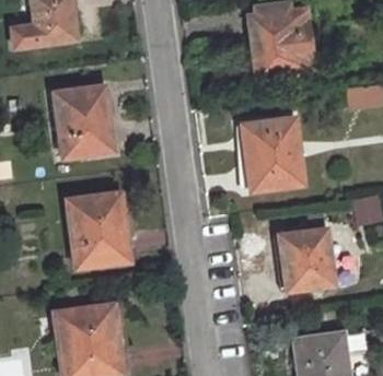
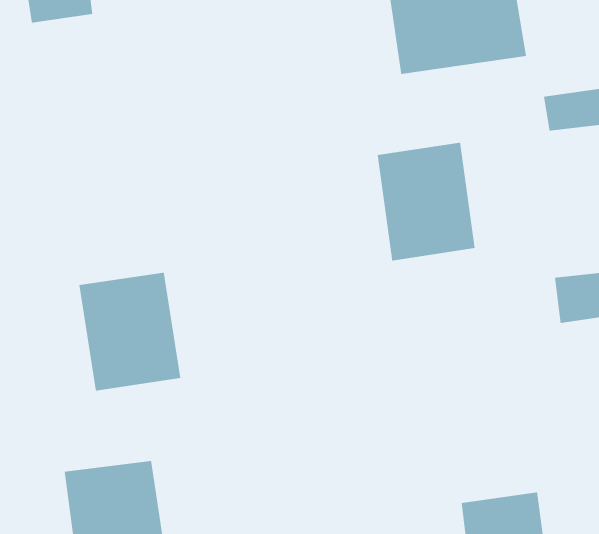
building: [53,89,111,158] -> none
building: [279,223,333,285] -> none

